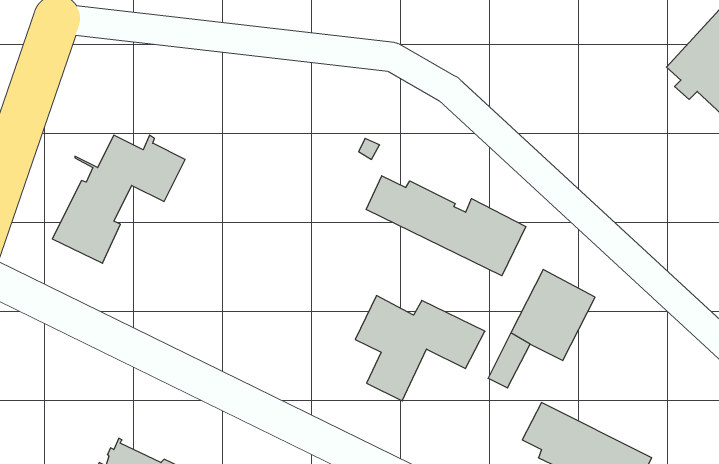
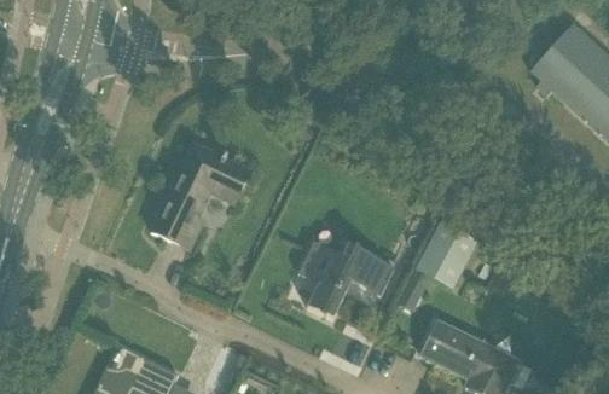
building: [52,135,185,263] -> [151,152,250,248]
building: [366,176,526,276] -> none

